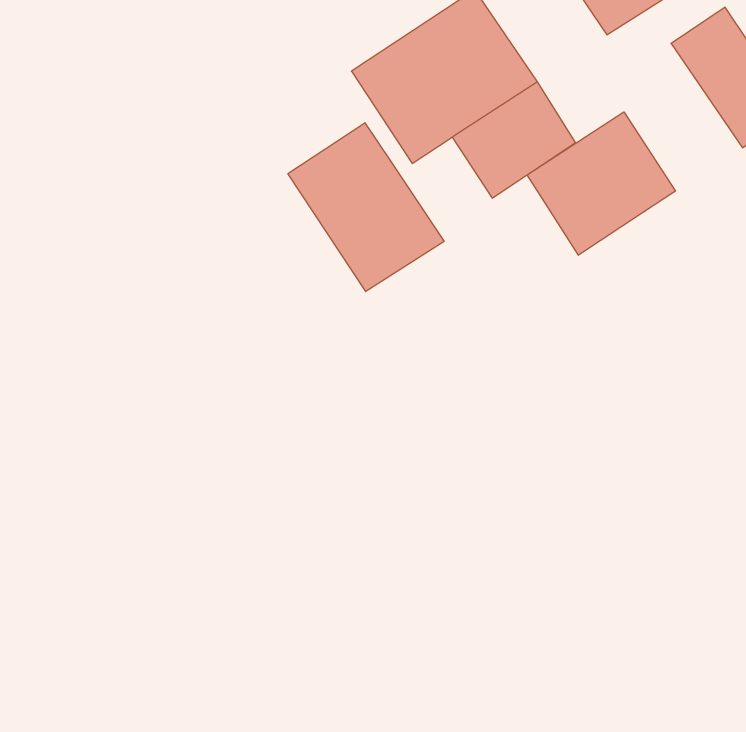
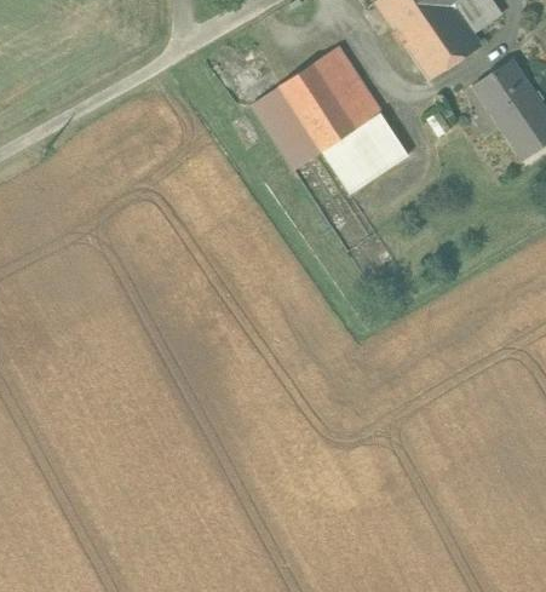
building: [527,112,676,255] -> none
building: [288,123,444,292] -> none

